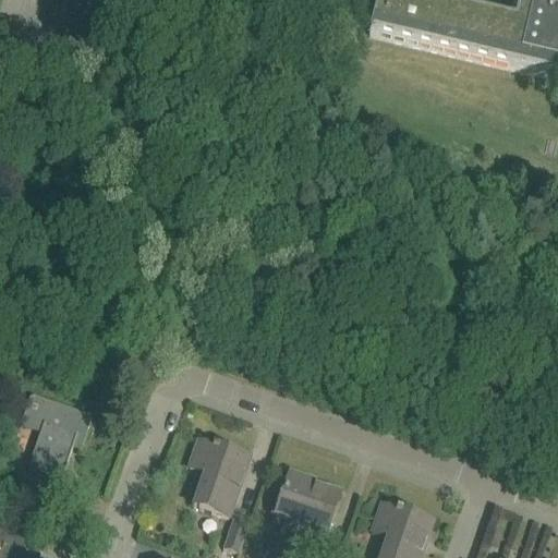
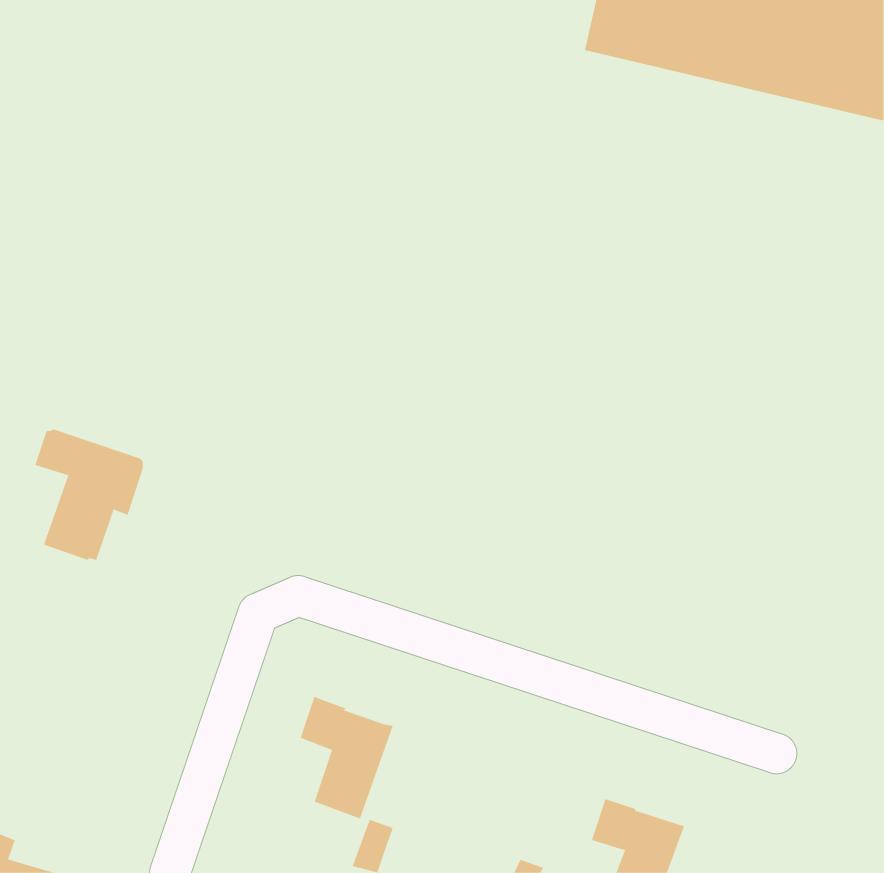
building: [21,392,89,475] -> [34,429,144,560]
building: [276,470,338,539] -> none

